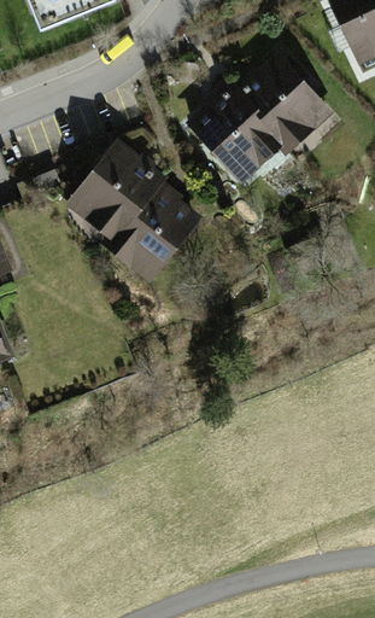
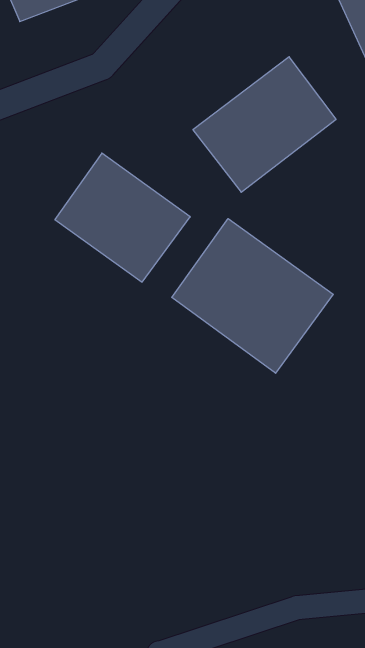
building: none -> [172,219,333,373]

